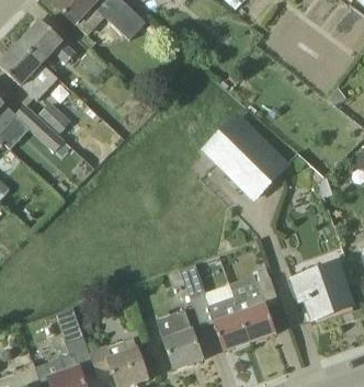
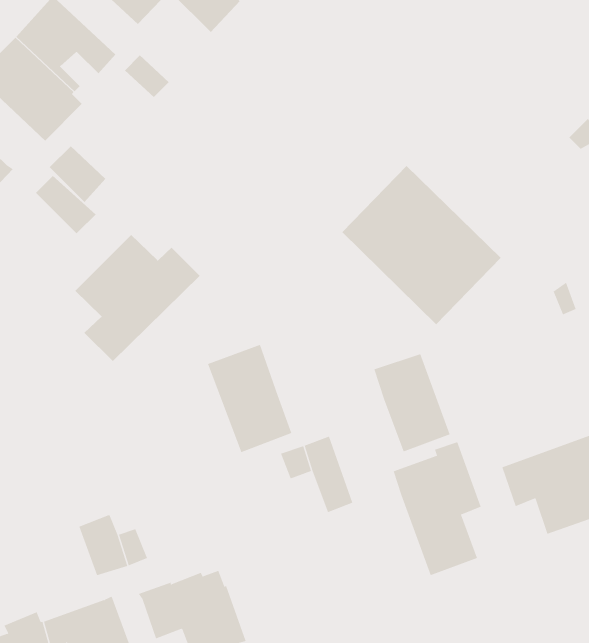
building: none -> [74,234,201,362]
building: [207,296,250,351] -> [373,354,450,452]
building: [156,308,203,368] -> [207,344,292,453]

